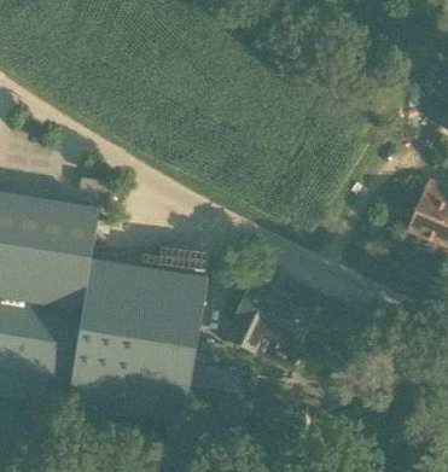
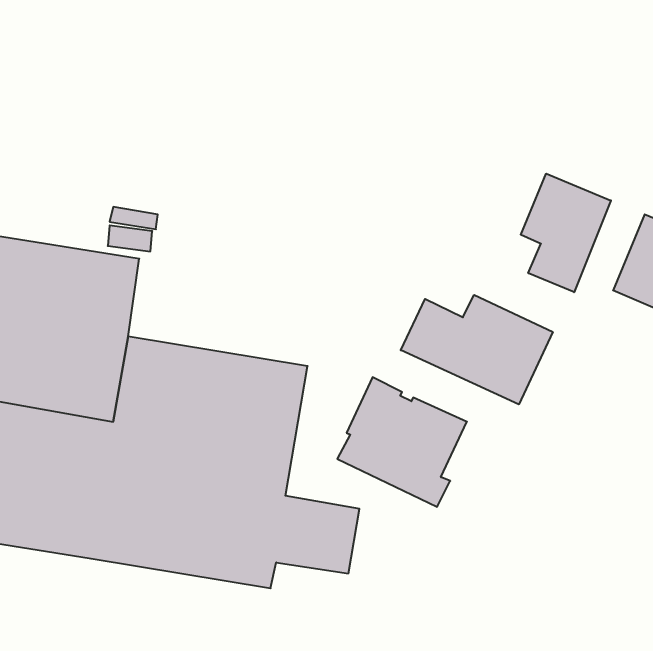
building: none -> [521,174,611,292]
building: none -> [401,295,553,404]

